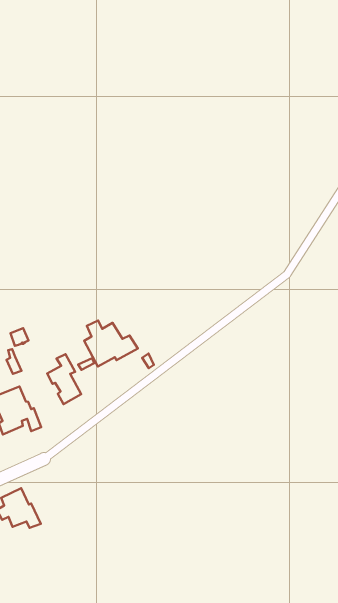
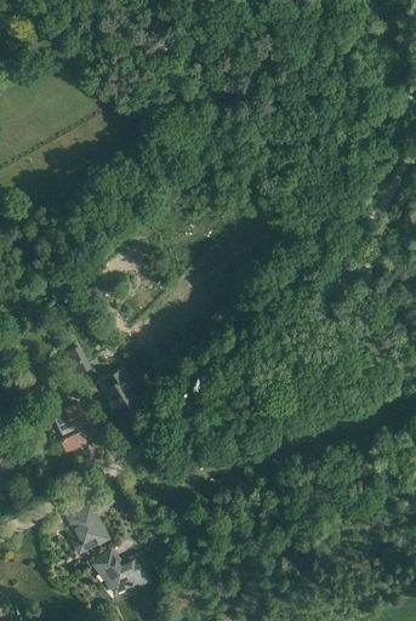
building: [84,321,138,367] -> none
building: none -> [95,548,152,589]

